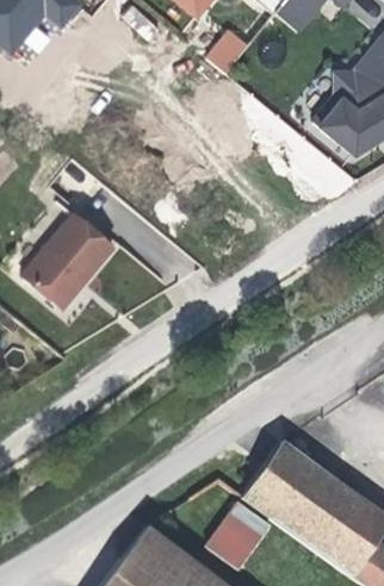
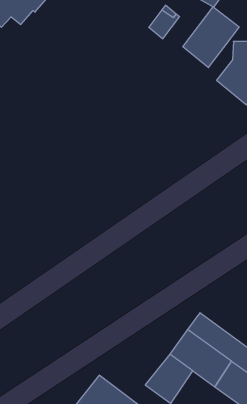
building: none -> [183,7,239,68]
building: [32,213,124,310] -> none

